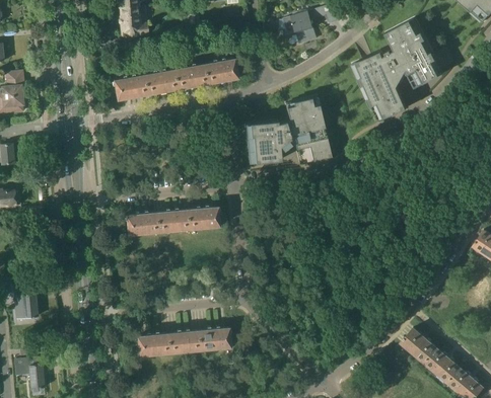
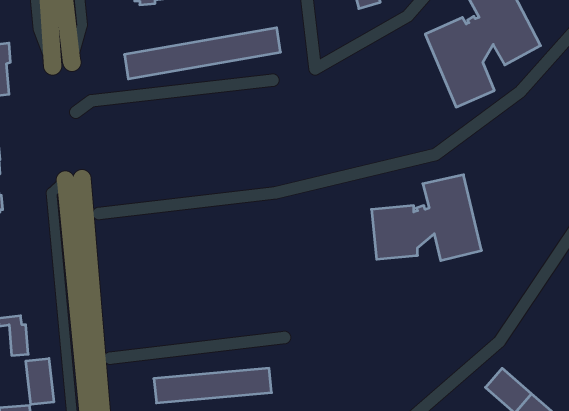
building: [246,96,333,164] -> [371,175,482,261]
building: [127,207,220,235] -> none
building: none -> [26,358,54,405]

